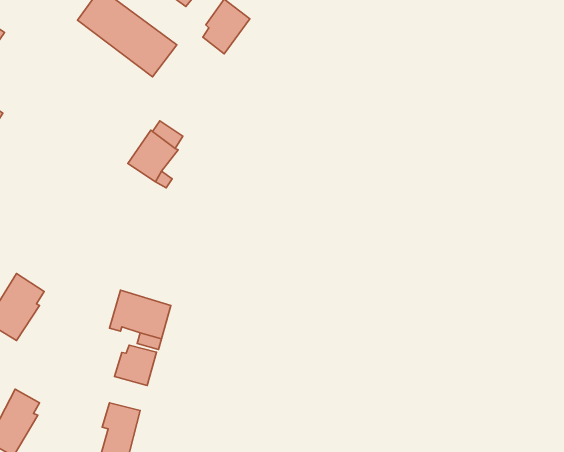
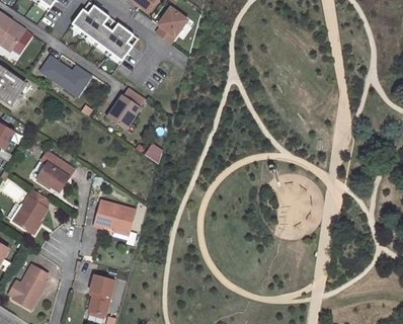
building: none -> [38,56,89,95]
building: none -> [35,152,73,192]
building: [114,345,156,385] -> none

